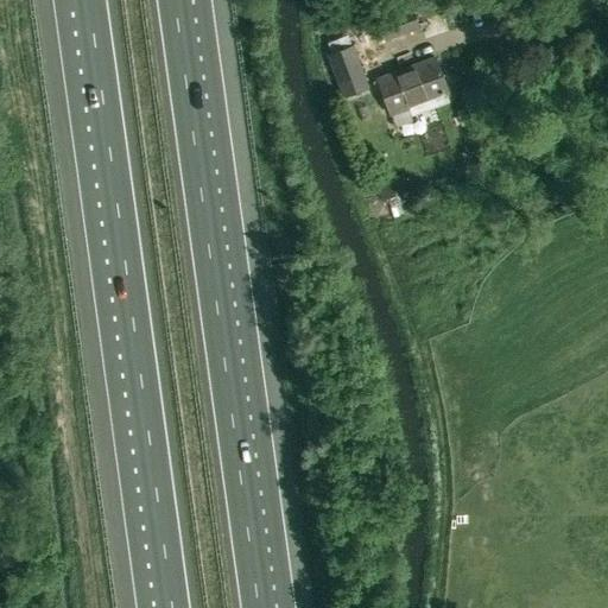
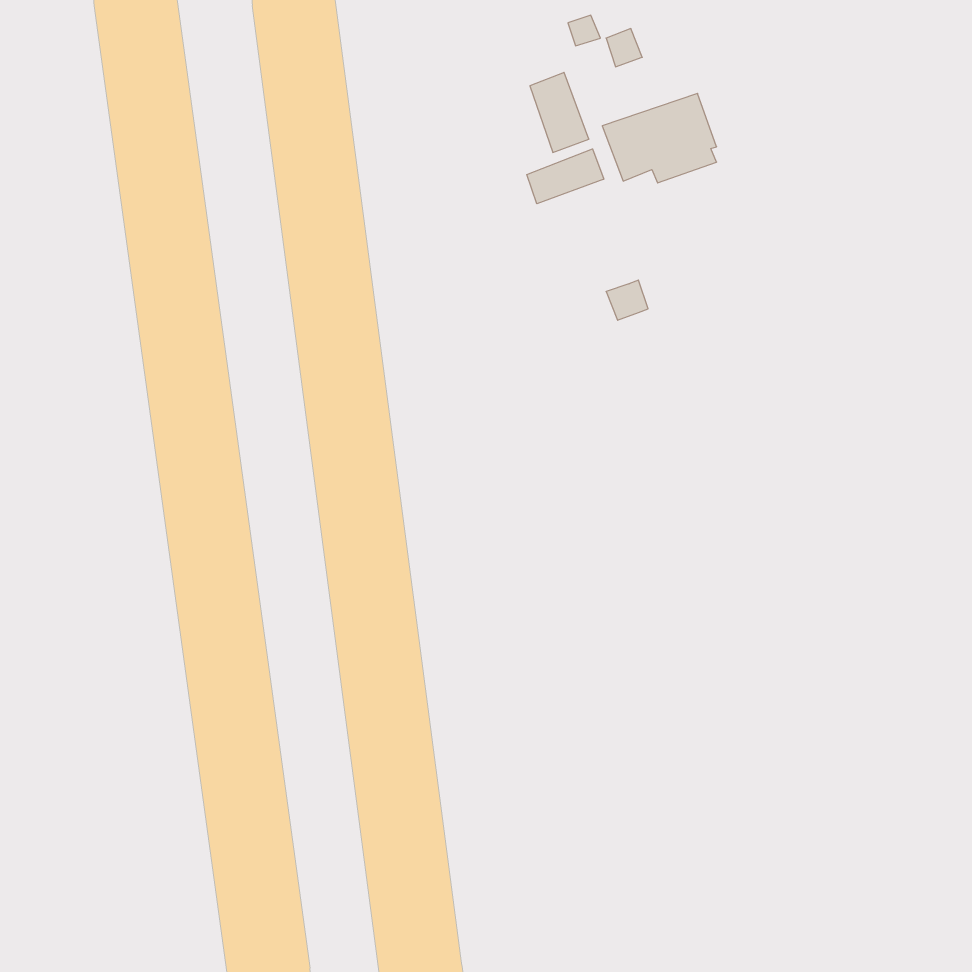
building: none -> [527,149,604,204]

